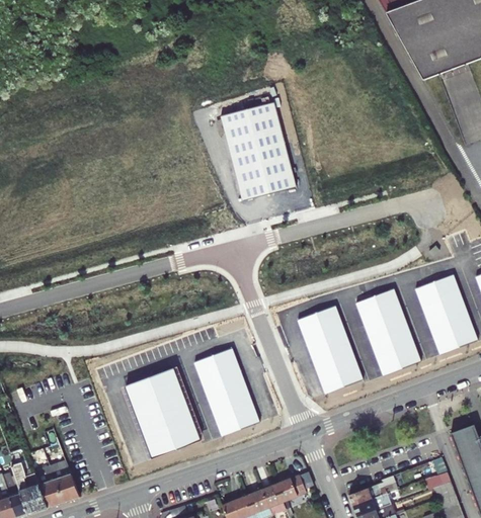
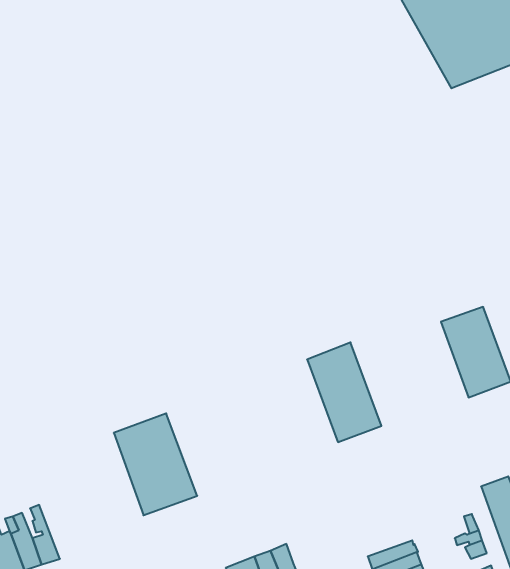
building: [220,103,295,201] -> none
building: [355,288,421,376] -> none
building: [194,347,259,435] -> none
building: [278,474,308,501] -> none

